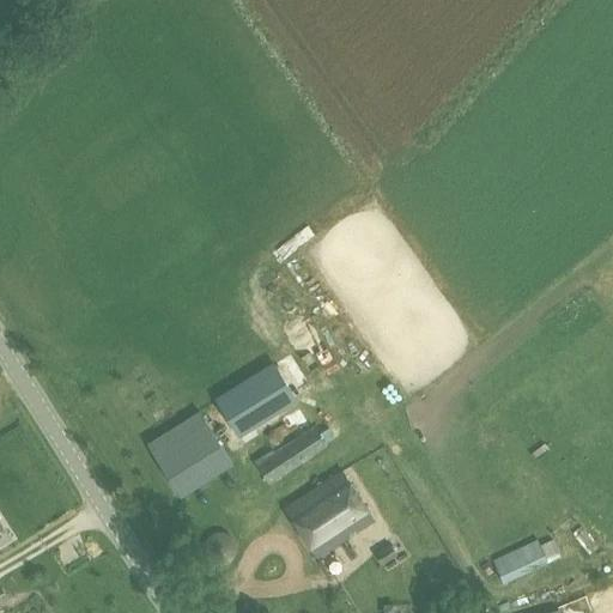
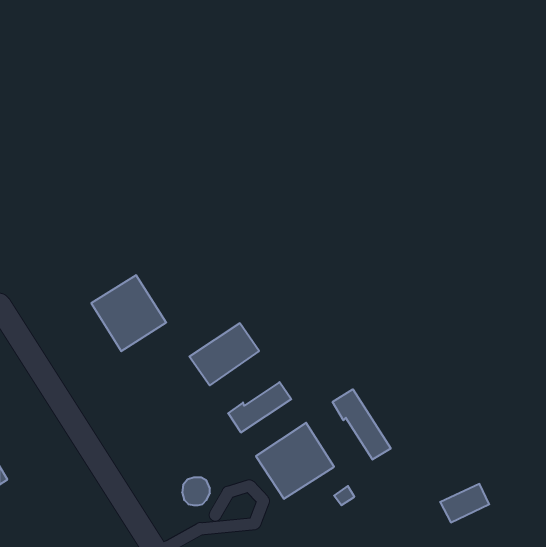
building: [147,411,231,496] -> [91,275,166,351]
building: none -> [333,389,391,460]

